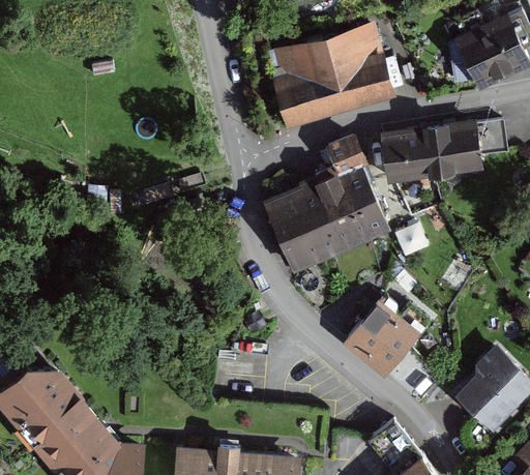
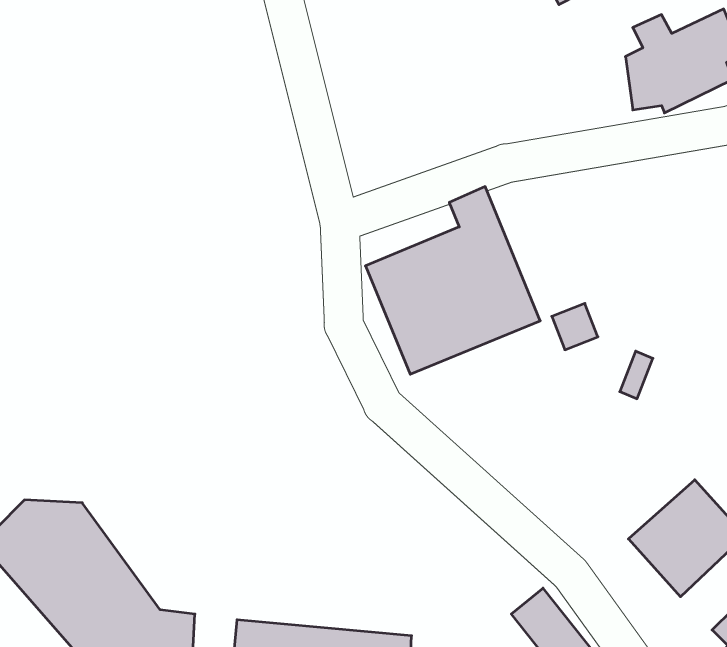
building: [272,26,394,129] -> none
building: [382,121,506,179] -> none
building: [347,296,428,373] -> none

